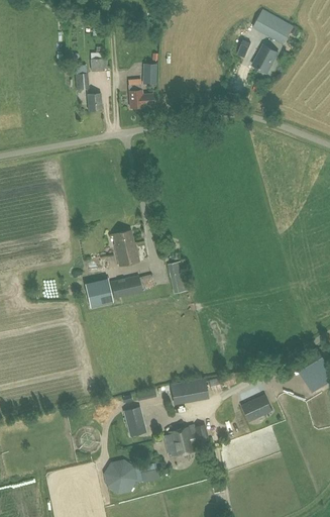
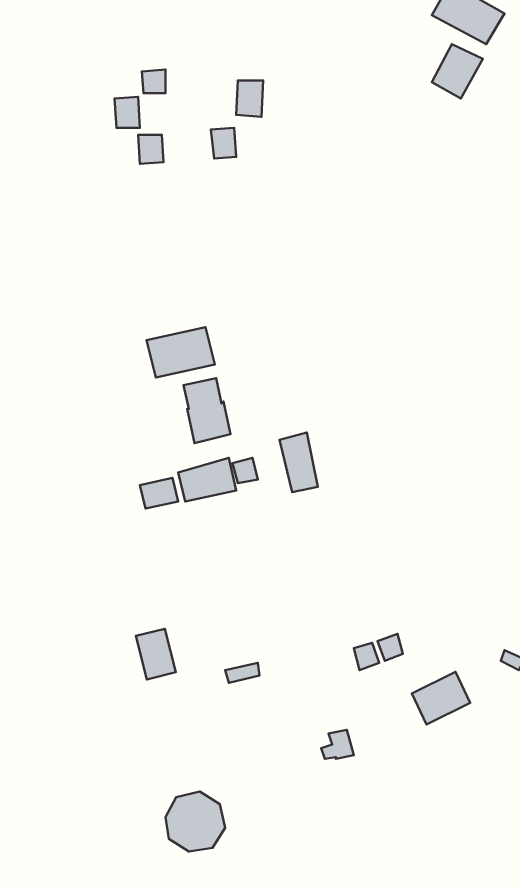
building: none -> [146,327,215,378]
building: [179,379,207,400] -> none
building: [123,407,145,435] -> [136,629,176,679]
building: [169,427,194,454] -> none

